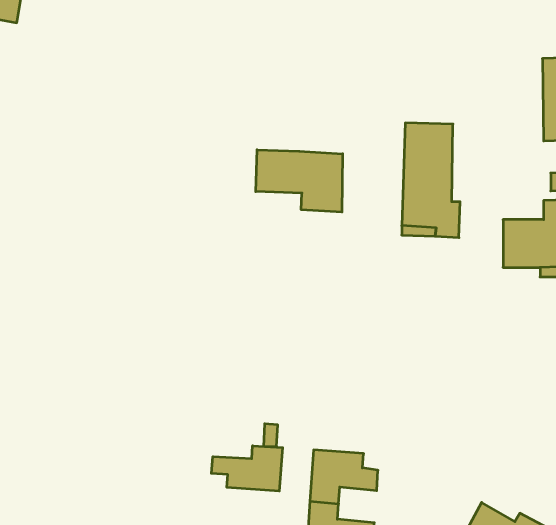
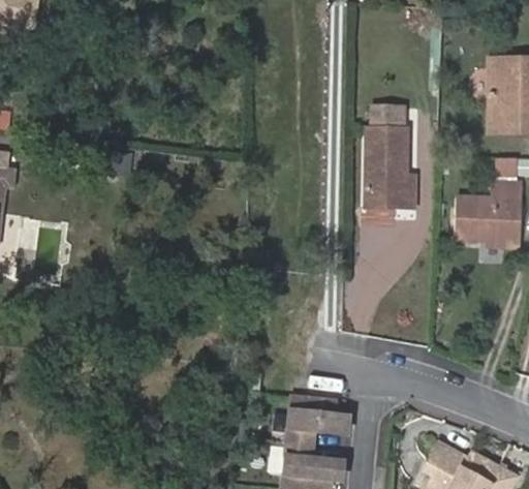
building: [256,150,343,212] -> none
building: [211,446,283,491] -> none

